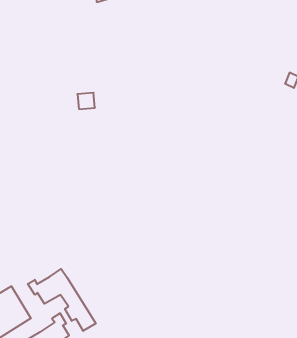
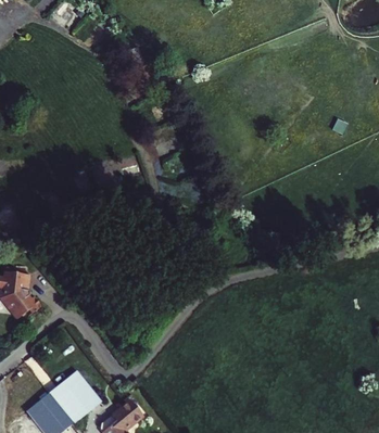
building: [28,269,96,331] -> none

